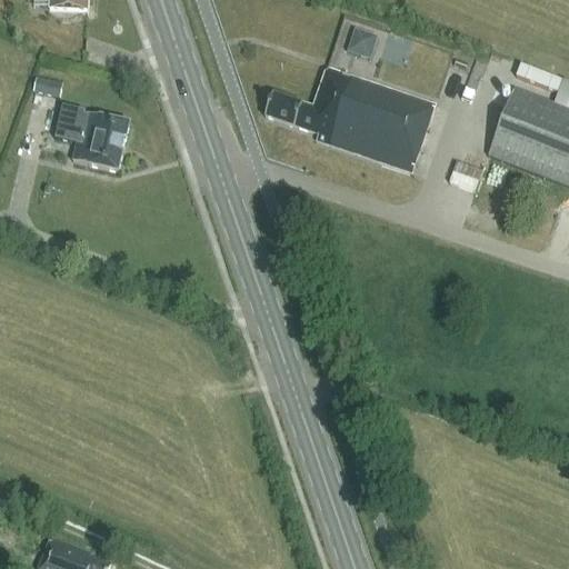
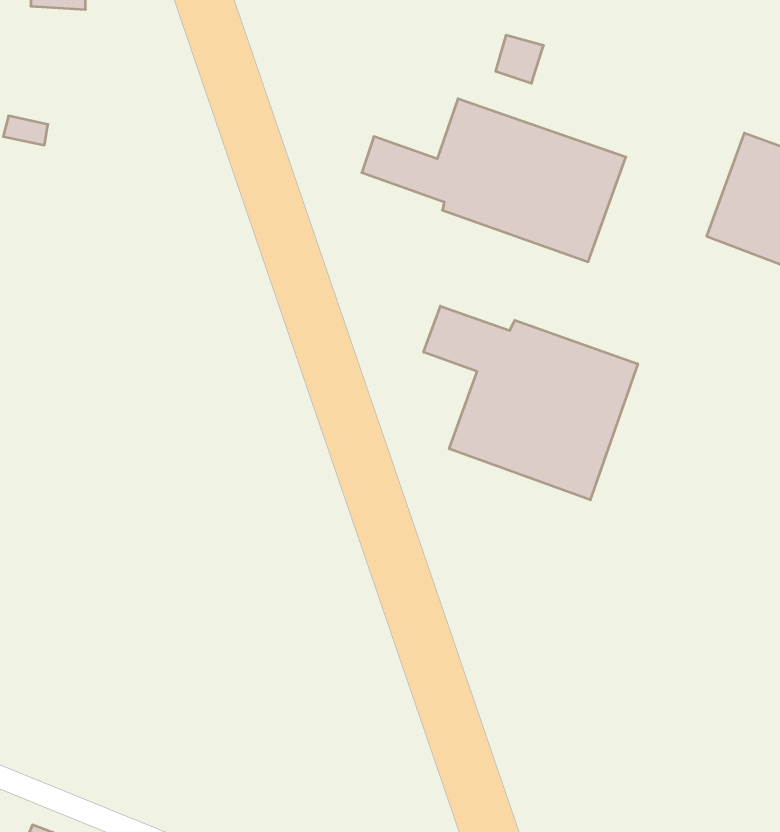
building: [54,103,130,169] -> none
building: none -> [424,306,638,500]

